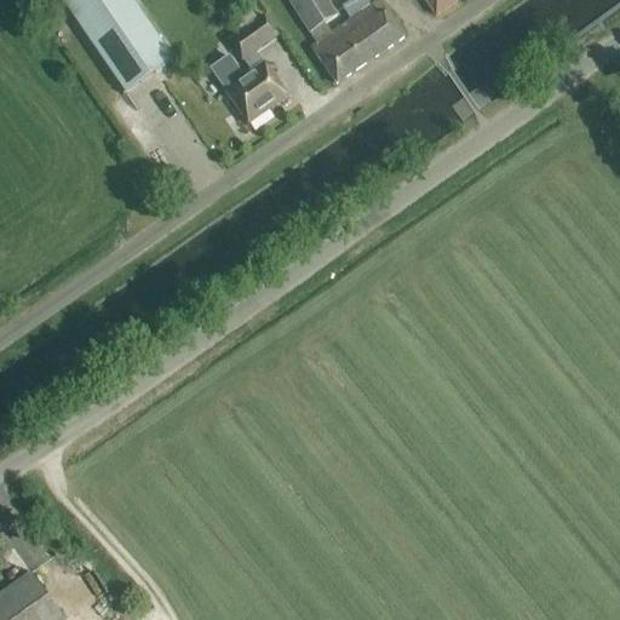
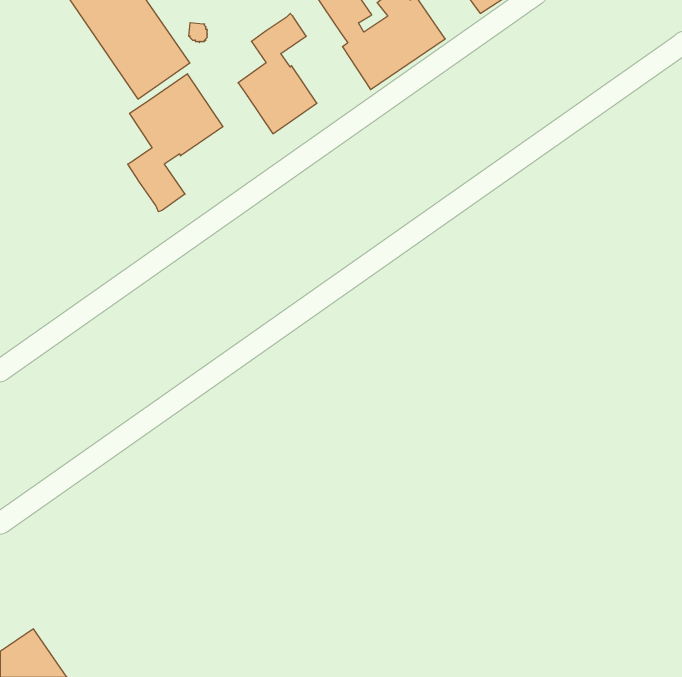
building: none -> [128,74,223,212]

